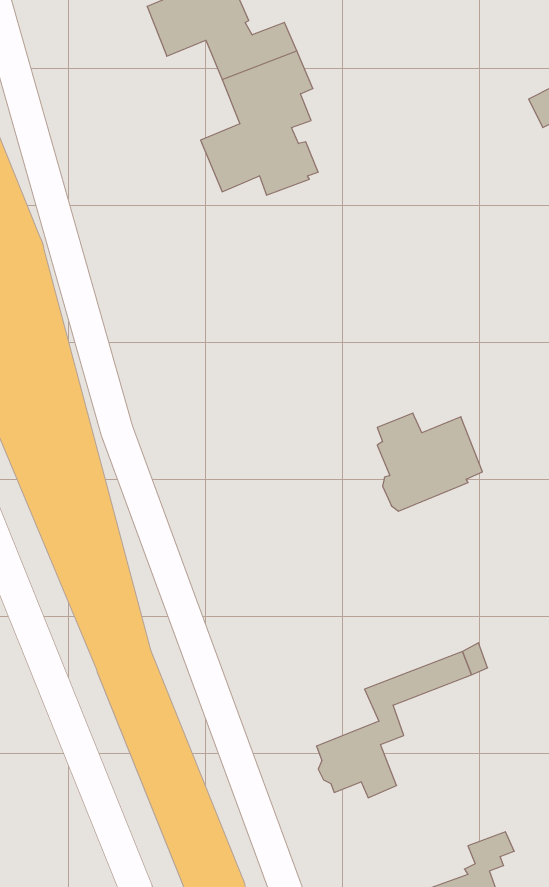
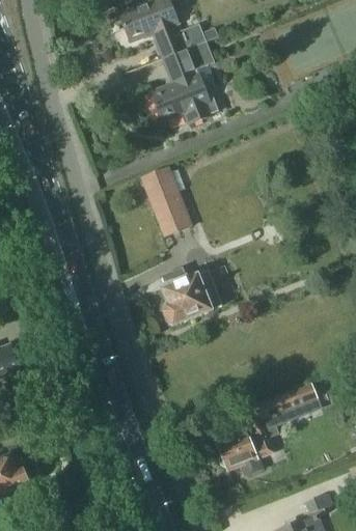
building: none -> [142,168,190,236]
building: [377,413,482,511] -> [161,269,222,326]

